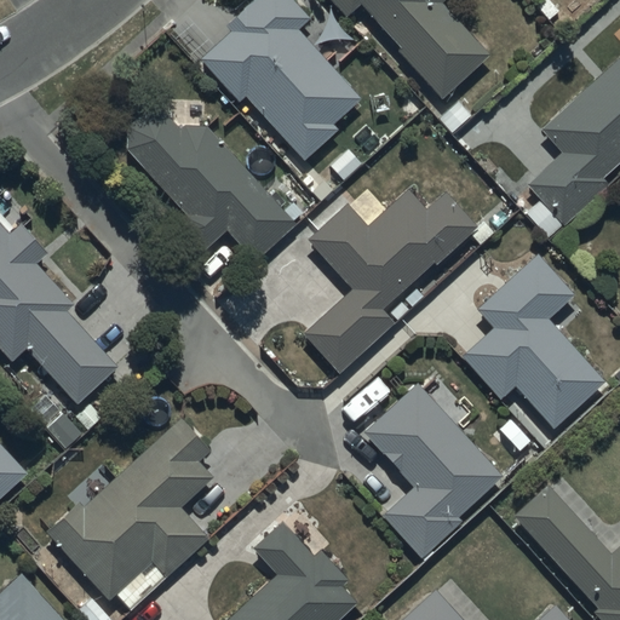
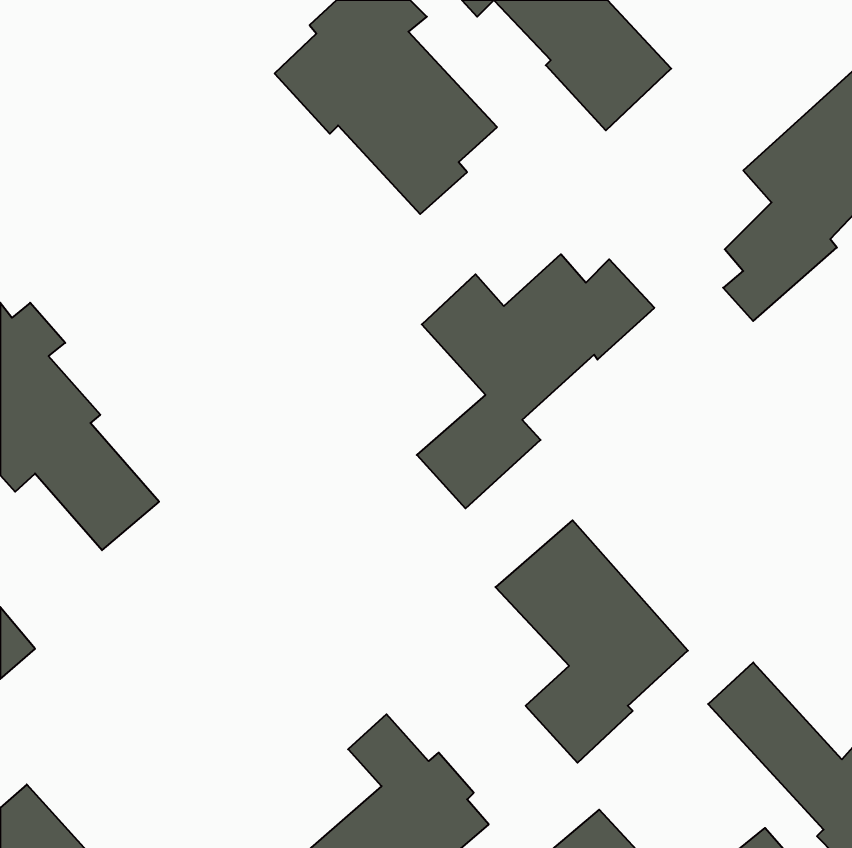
building: [127,111,295,260] -> none
building: [464,253,603,426] -> none
building: [47,418,216,598] -> none

